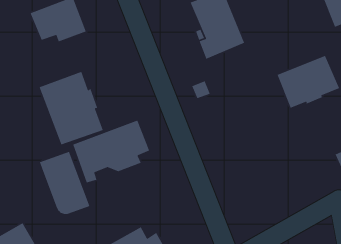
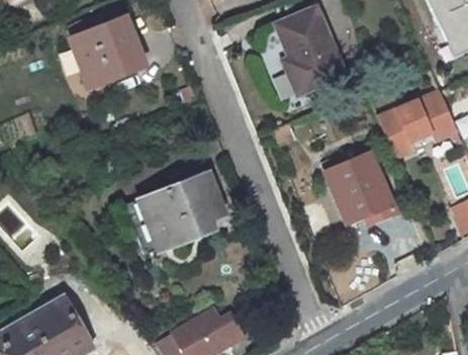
building: [38,71,104,145] -> none
building: none -> [322,154,395,224]
building: [39,151,90,215] -> none

